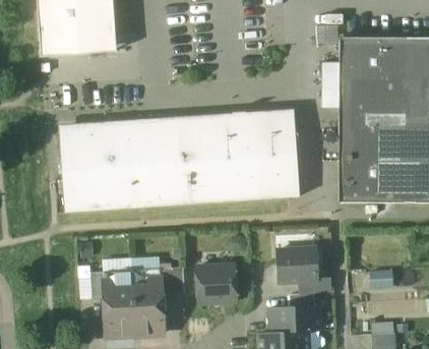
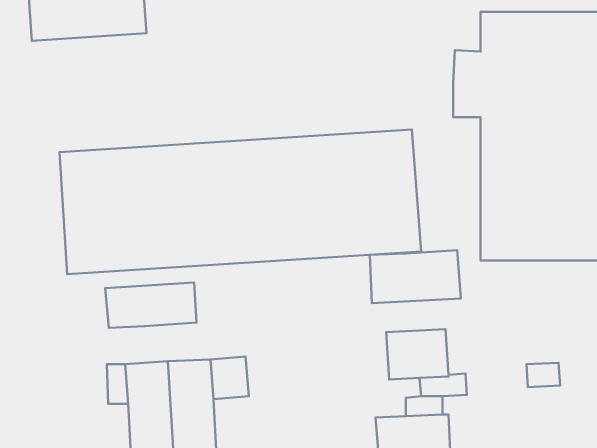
building: none -> [370,250,461,303]
building: none -> [105,282,196,328]
building: [195,264,237,302] -> none

